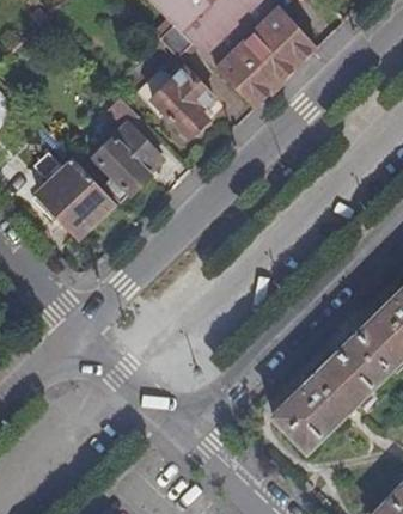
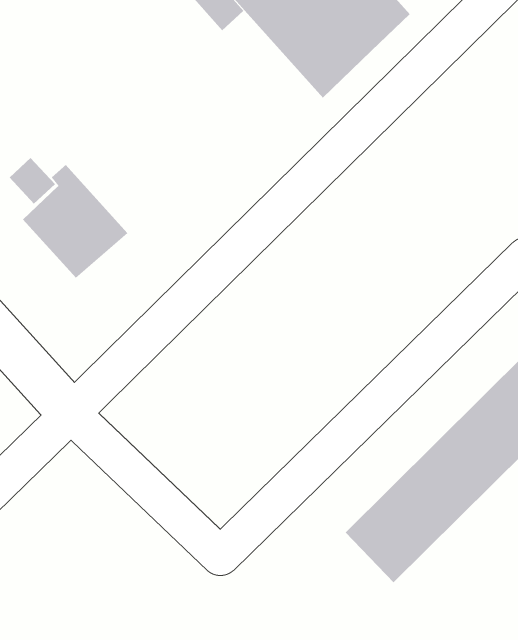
building: [153,66,215,137] -> none
building: [96,94,164,203] -> none

